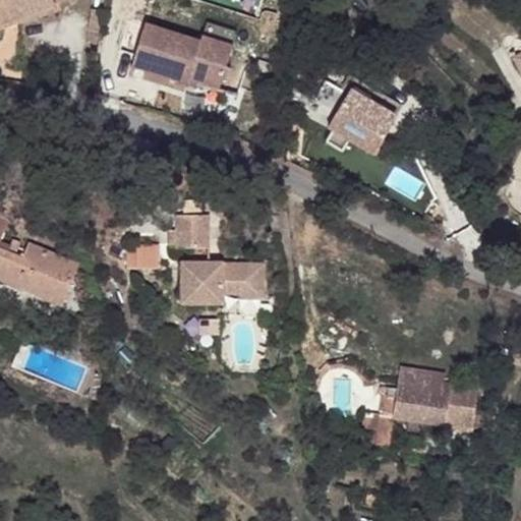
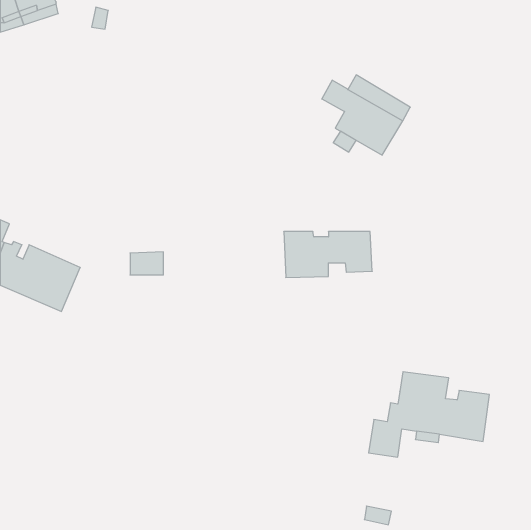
building: [133,24,233,88] -> none
building: [170,212,209,246] -> none
building: [178,262,265,306] -> [284,232,372,277]

